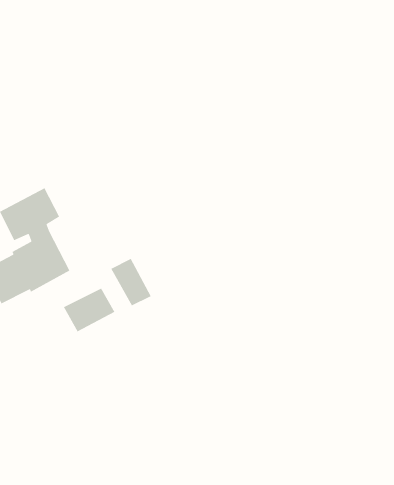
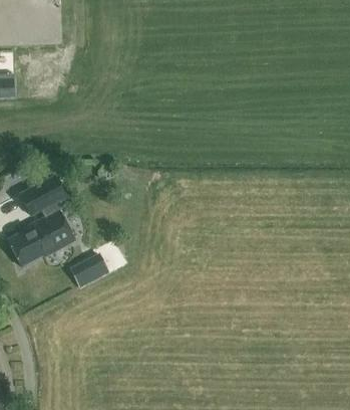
building: [110,258,152,306] -> none

